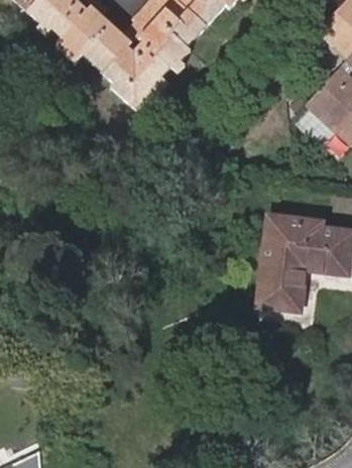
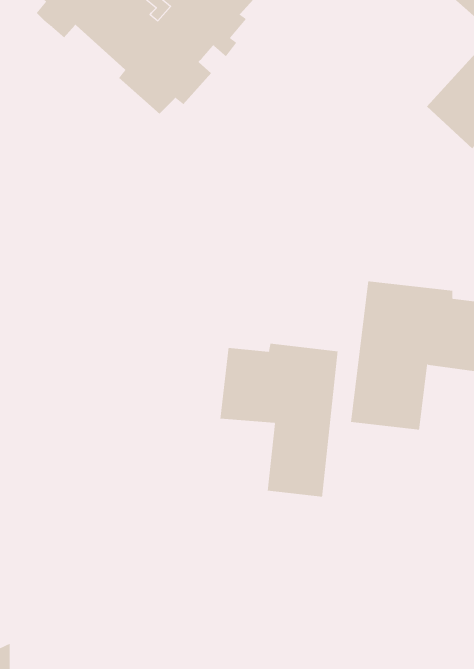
building: none -> [220,343,338,497]

